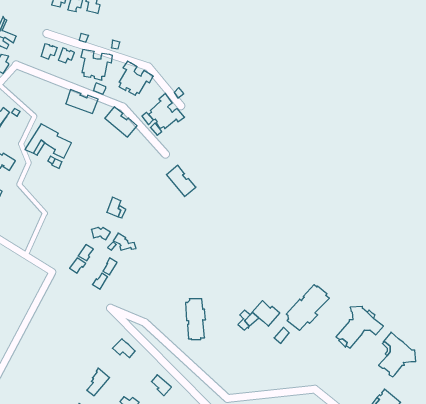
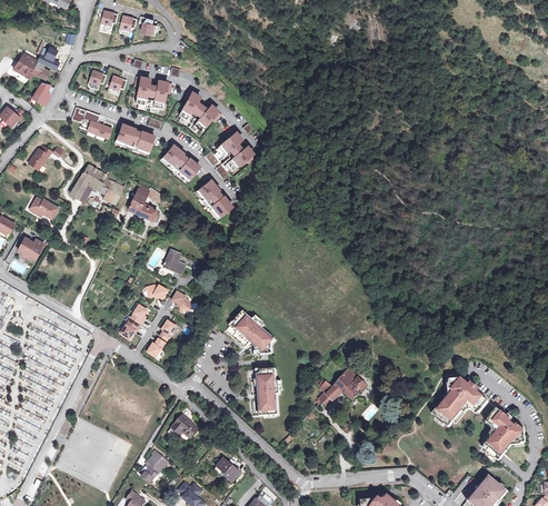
building: none -> [72,107,113,137]
building: none -> [128,185,162,220]
building: [166,165,196,197] -> [198,179,232,216]
building: none -> [233,310,275,354]
building: [286,285,329,330] -> none

